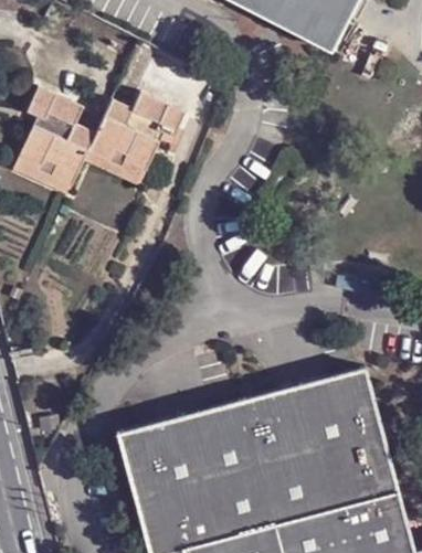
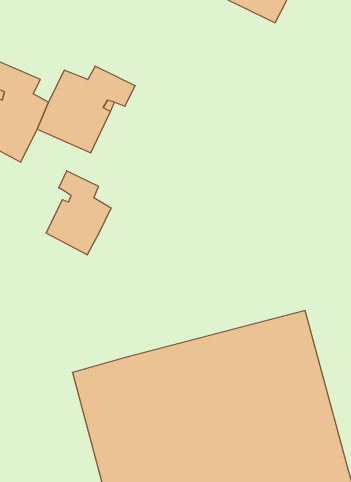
building: none -> [46,171,111,255]

